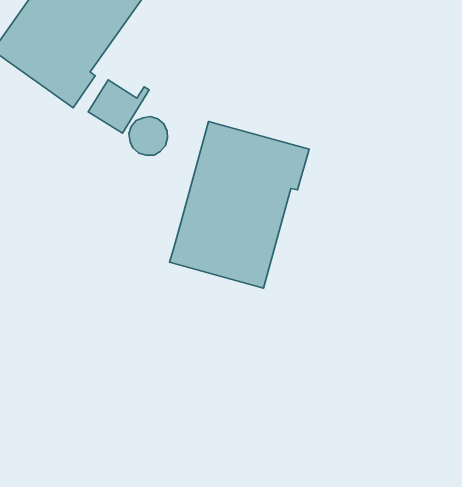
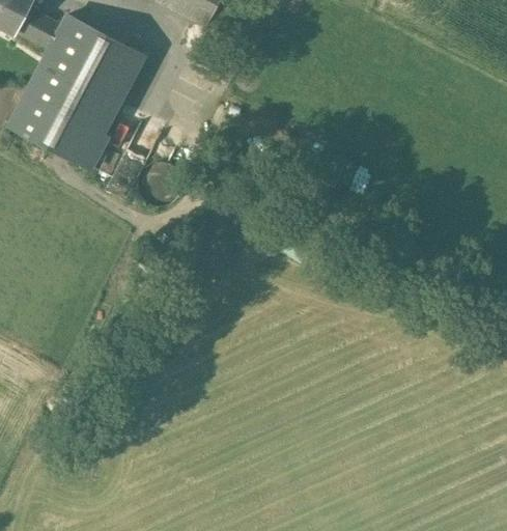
building: [170,122,309,288] -> none

